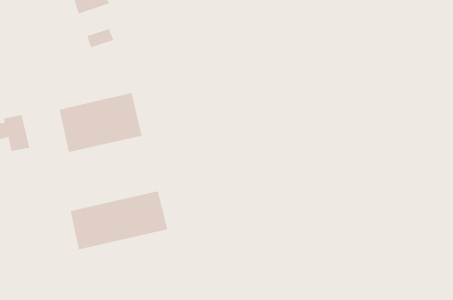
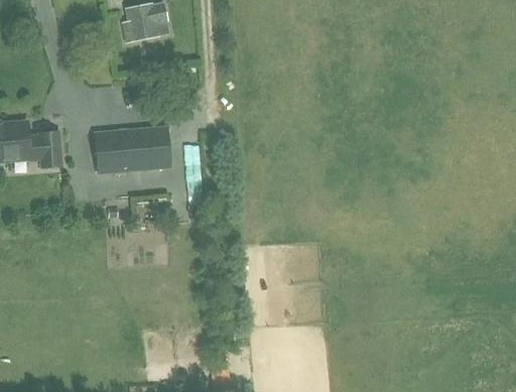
building: [70,191,168,250] -> none

